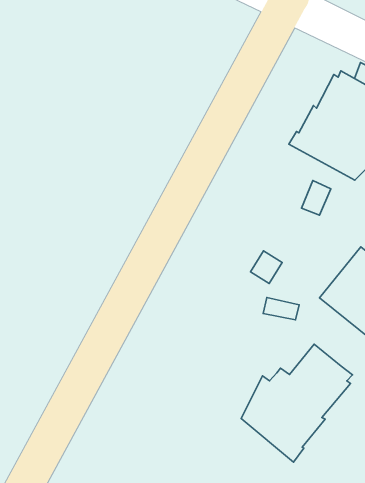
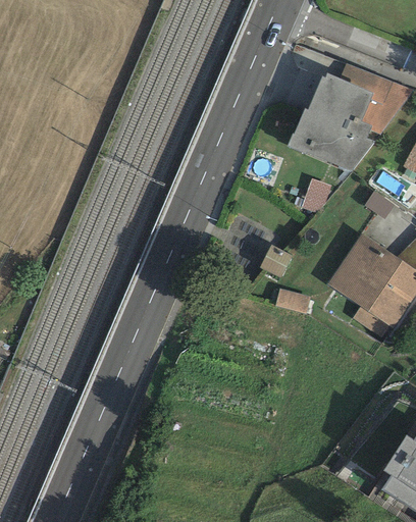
building: [241,344,352,462] -> none

